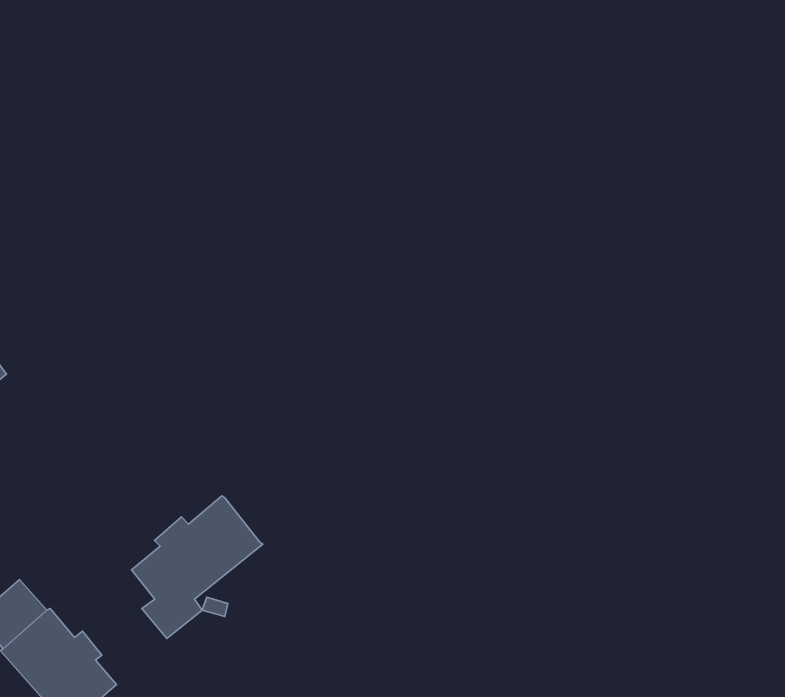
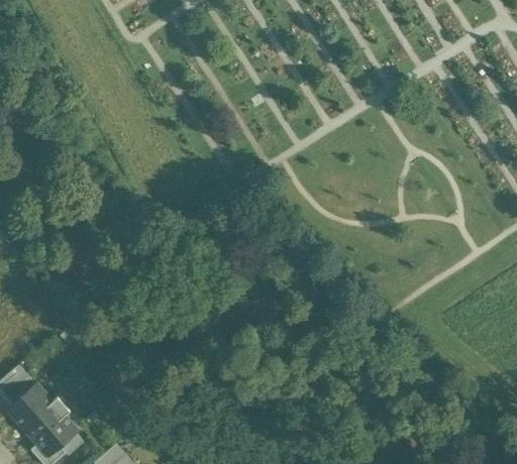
building: [131,496,263,638] -> none

